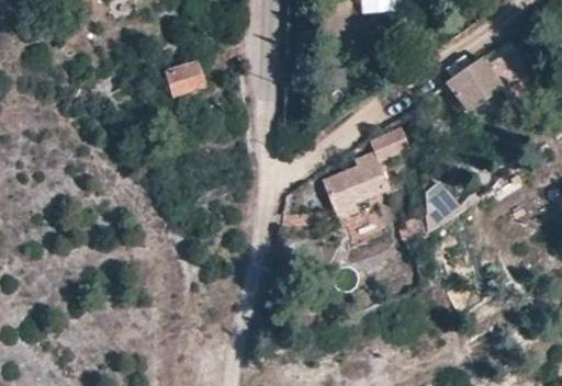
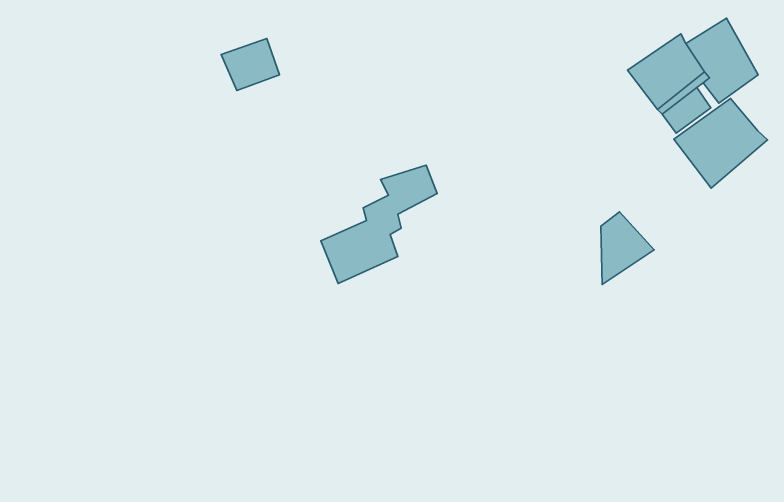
building: none -> [674,98,768,188]
building: [325,126,406,208] -> [321,165,437,283]

